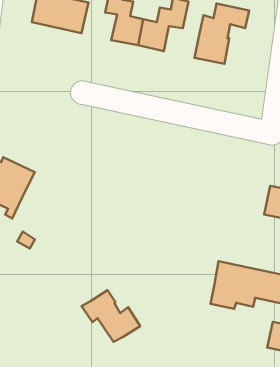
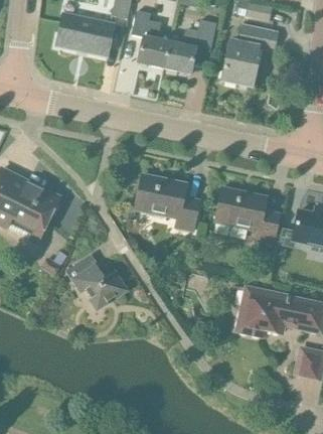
building: none -> [136,174,200,229]
building: none -> [215,187,281,242]
building: [82,290,140,342] -> [65,254,125,306]

